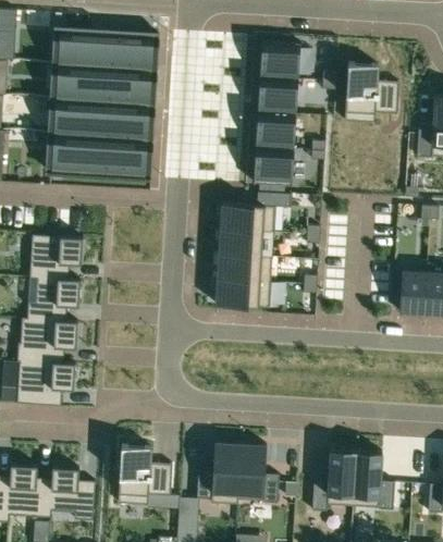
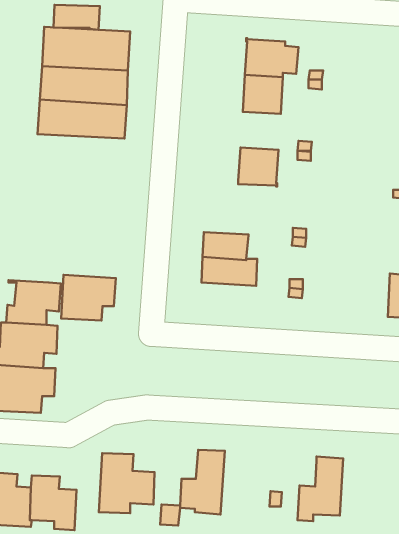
building: none -> [53,5,100,30]
building: [345,63,399,123] -> none
building: [256,112,295,149] -> none
building: [56,134,143,176] -> none
building: [220,193,292,234] -> none
building: [29,234,83,279] -> [61,275,116,321]
building: [216,279,271,308] -> none
building: [236,443,280,505] -> none
building: [353,451,395,510] -> none

